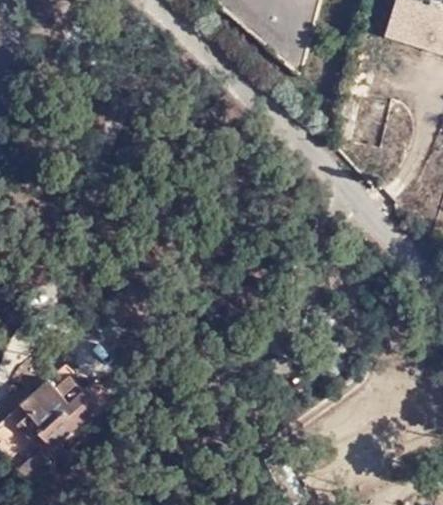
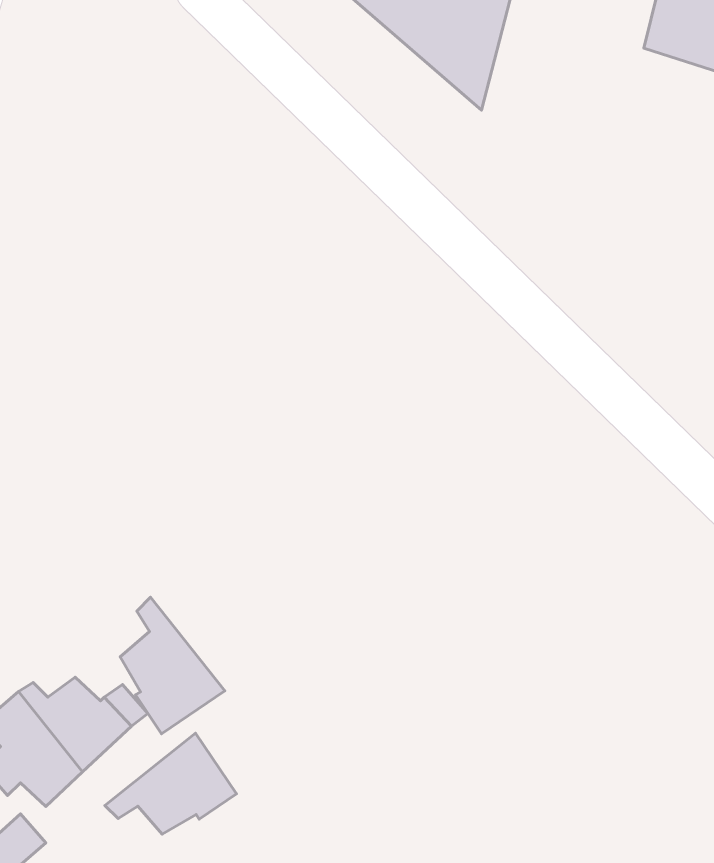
building: none -> [120,597,225,734]
building: none -> [105,733,237,834]

